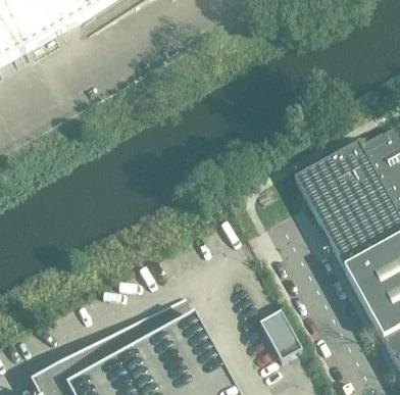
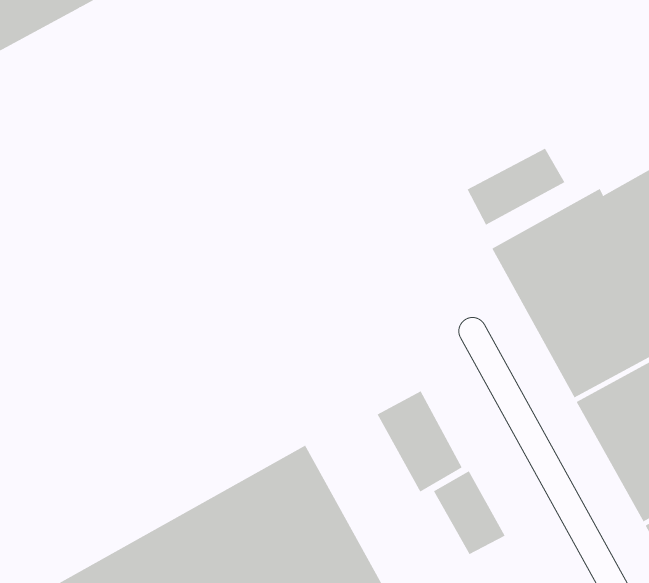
building: none -> [467,148,565,225]
building: none -> [377,391,462,492]

